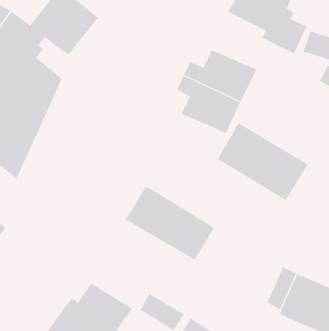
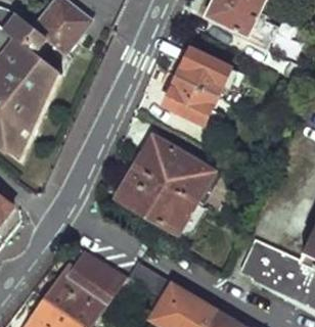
building: [217,122,308,201] -> [134,136,214,204]

